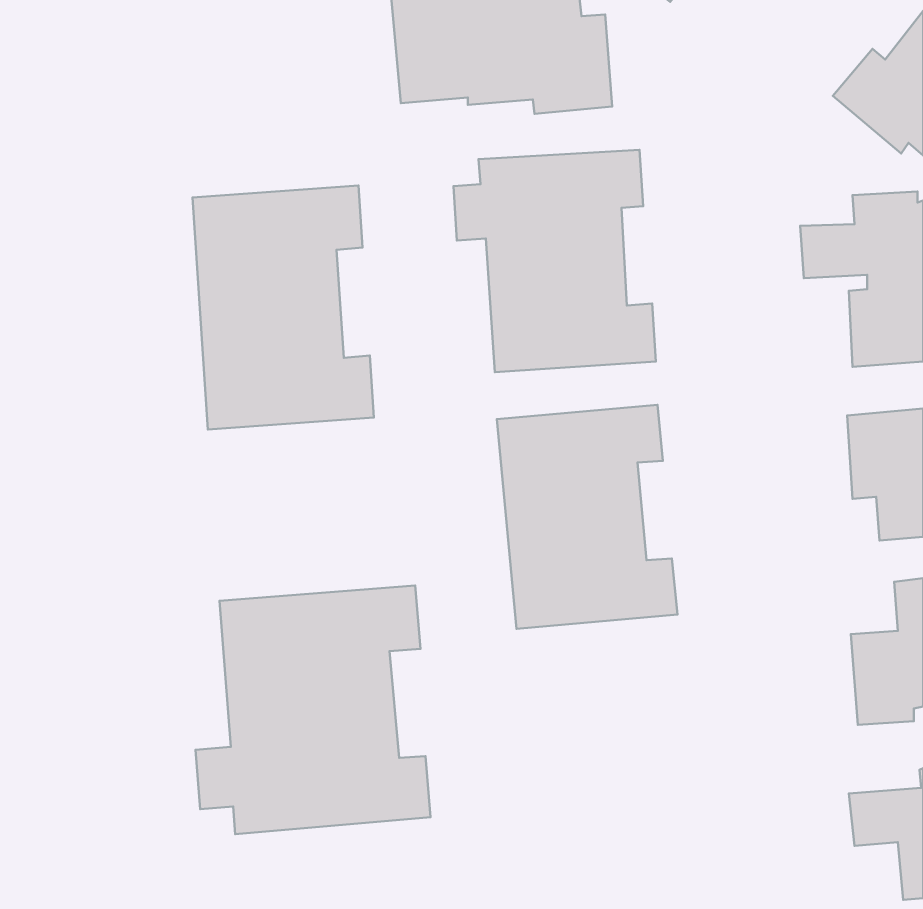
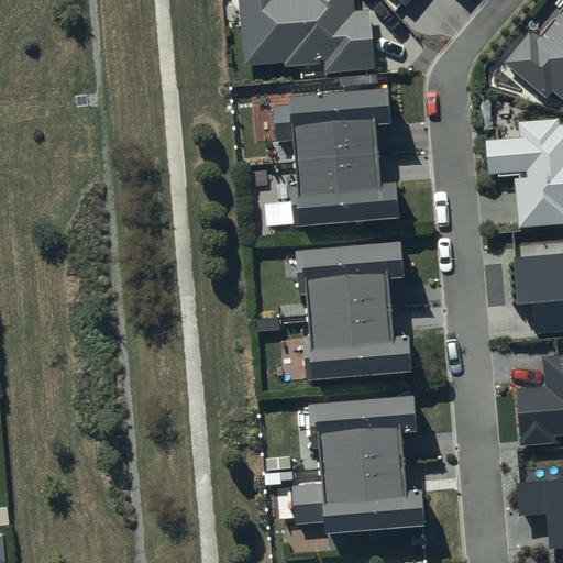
building: [192,186,374,429] -> none
building: [196,586,431,834] -> none
building: none -> [289,400,423,534]

